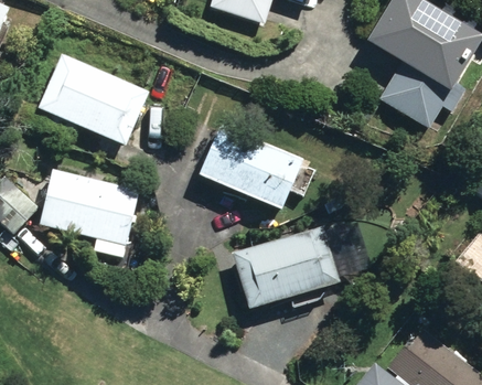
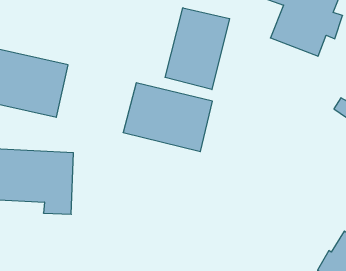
building: none -> [165,8,230,90]
building: [232,224,341,310] -> none

